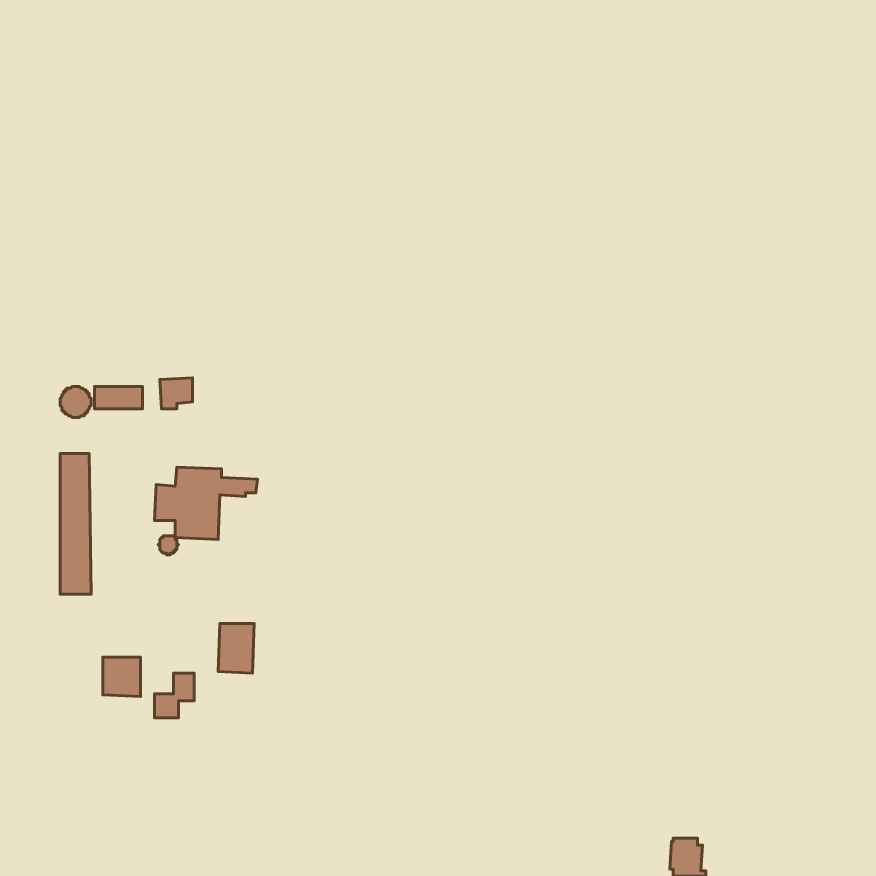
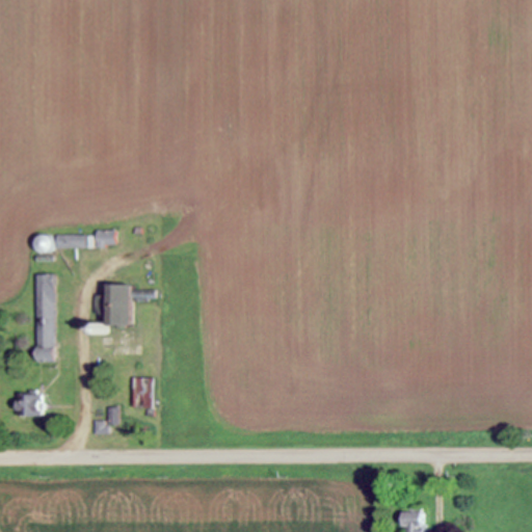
building: [103,657,141,697] -> [20,393,43,417]

